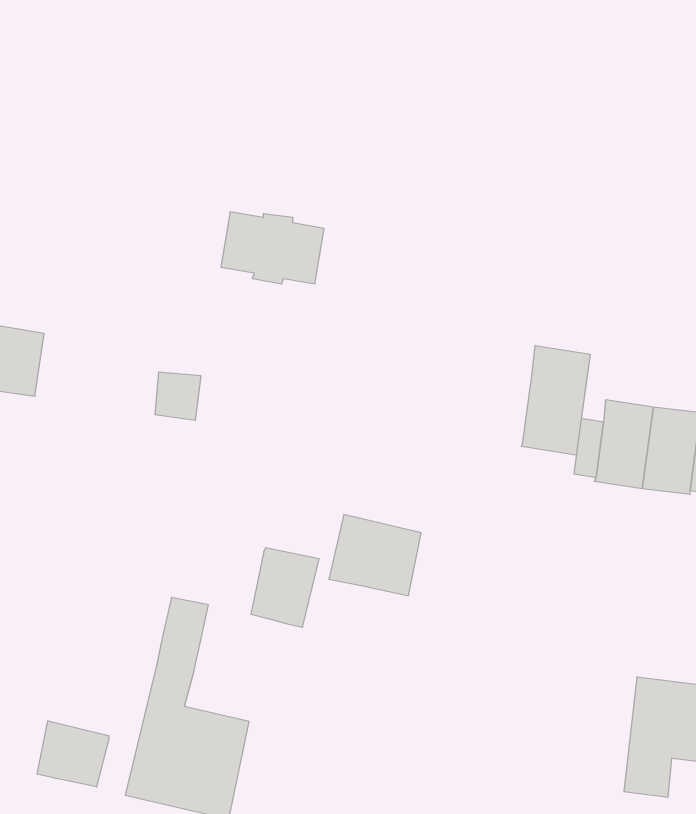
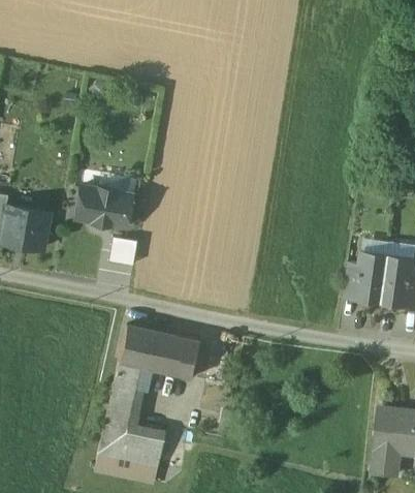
building: [221,212,324,284] -> [75,186,133,226]
building: [522,345,590,455] -> none
building: [329,514,421,596] -> [121,326,172,371]
building: [37,721,109,787] -> none

